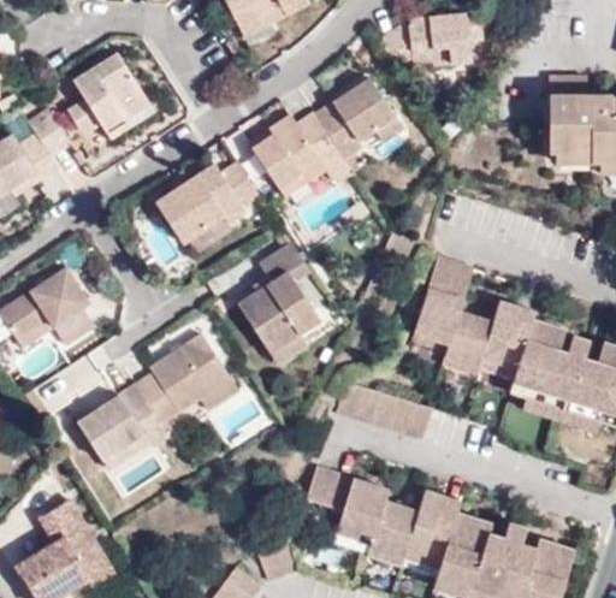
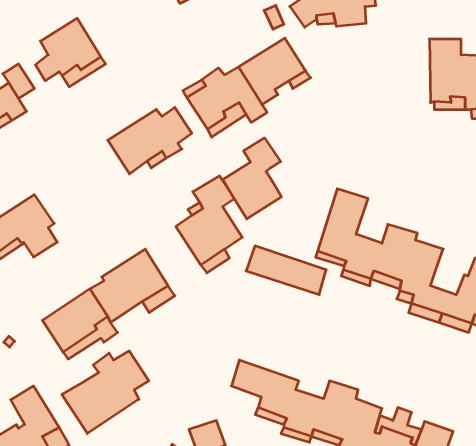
building: none -> [223,138,281,219]
building: [550,338,591,387] -> none
building: [334,384,432,443] -> [246,246,326,295]
building: none -> [62,351,149,434]

